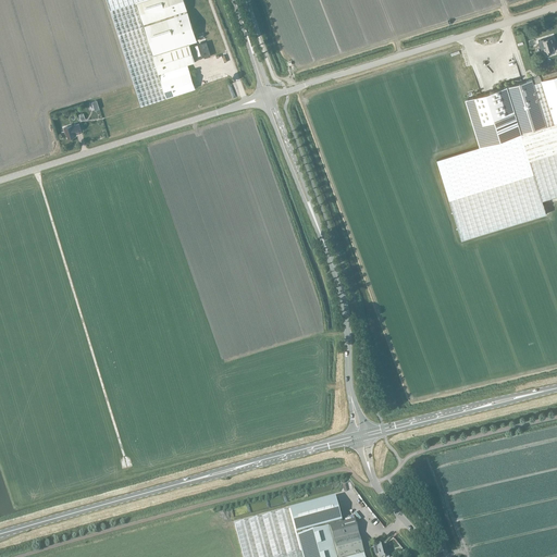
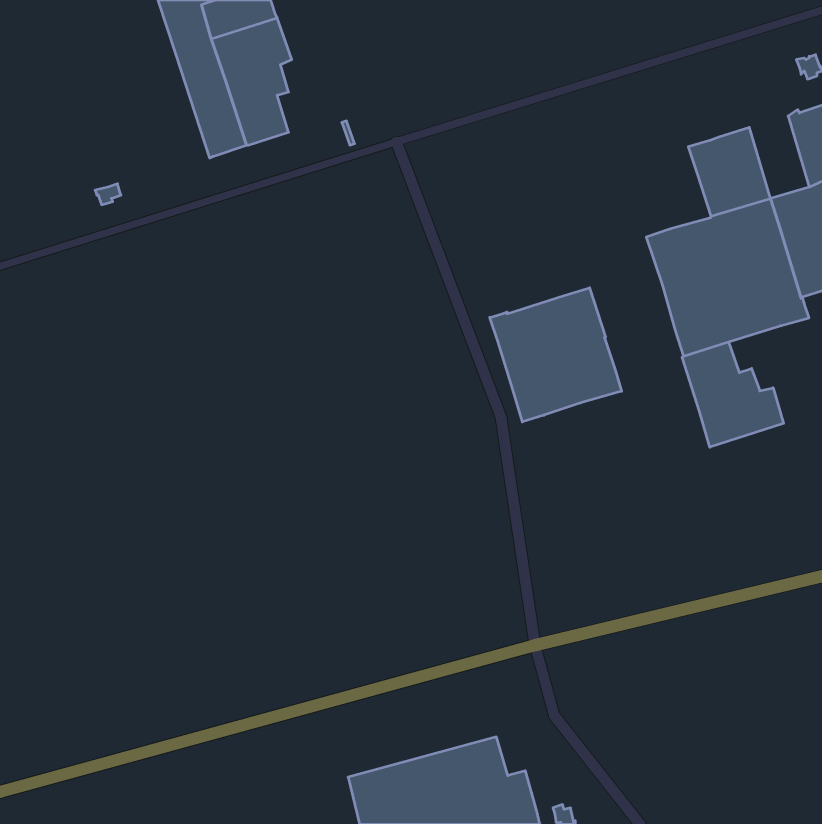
building: [507,78,547,134] -> none
building: none -> [490,288,622,422]
building: none -> [682,342,784,447]

